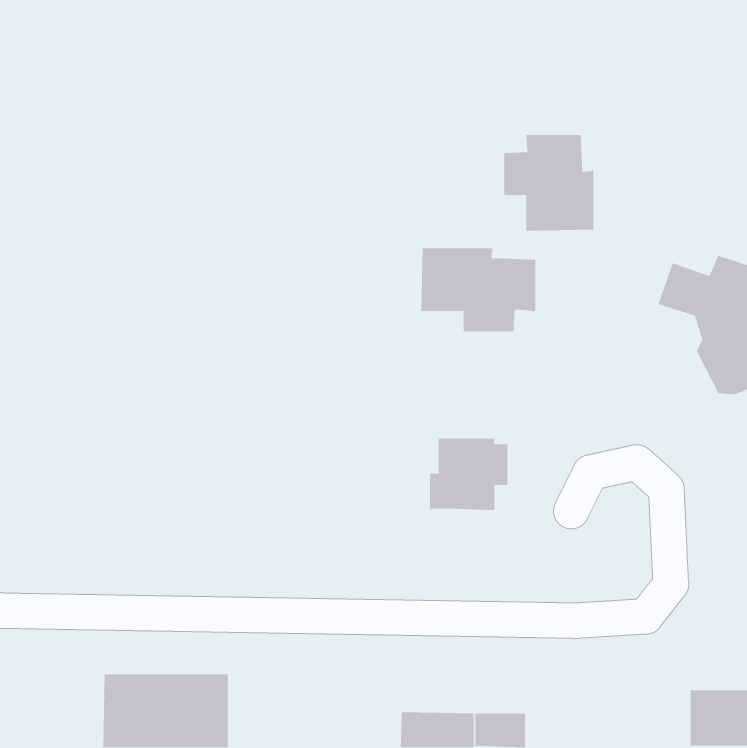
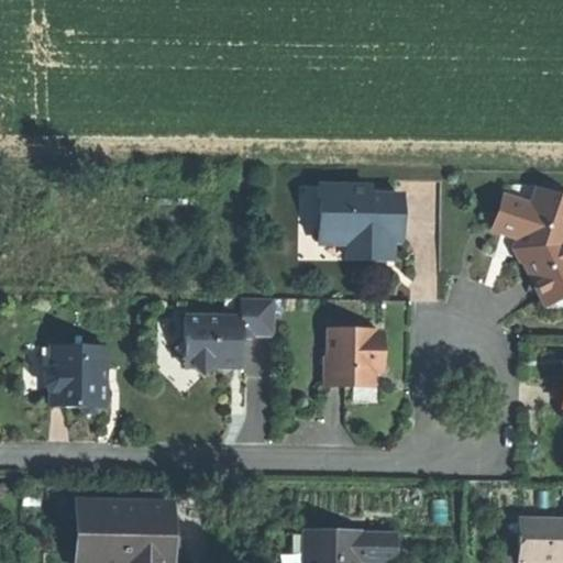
building: [504,134,594,231] -> none
building: none -> [176,299,276,377]
building: none -> [45,344,108,411]

